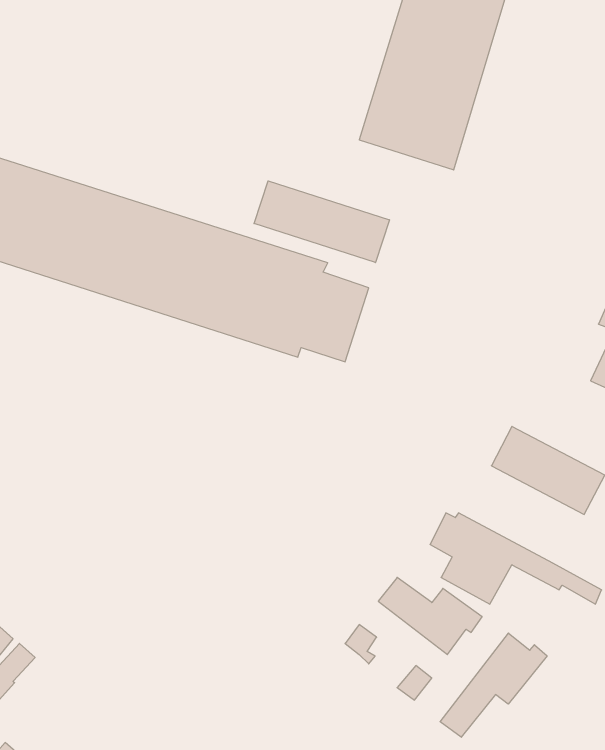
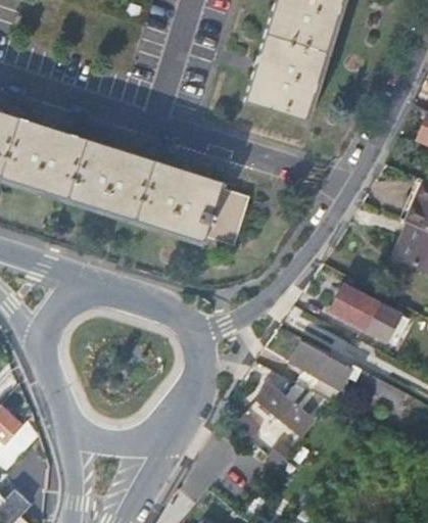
building: [254,181,389,263] -> none
building: [440,633,547,737] -> none

